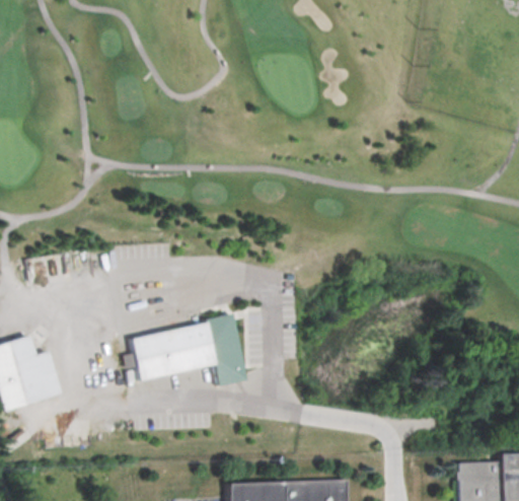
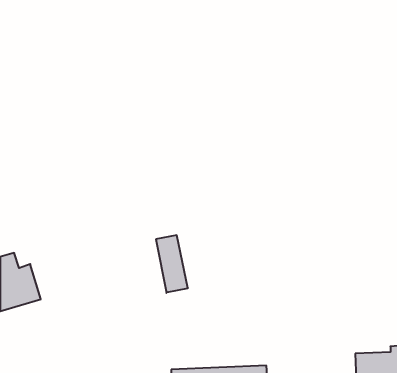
building: [129,323,214,381] -> none

